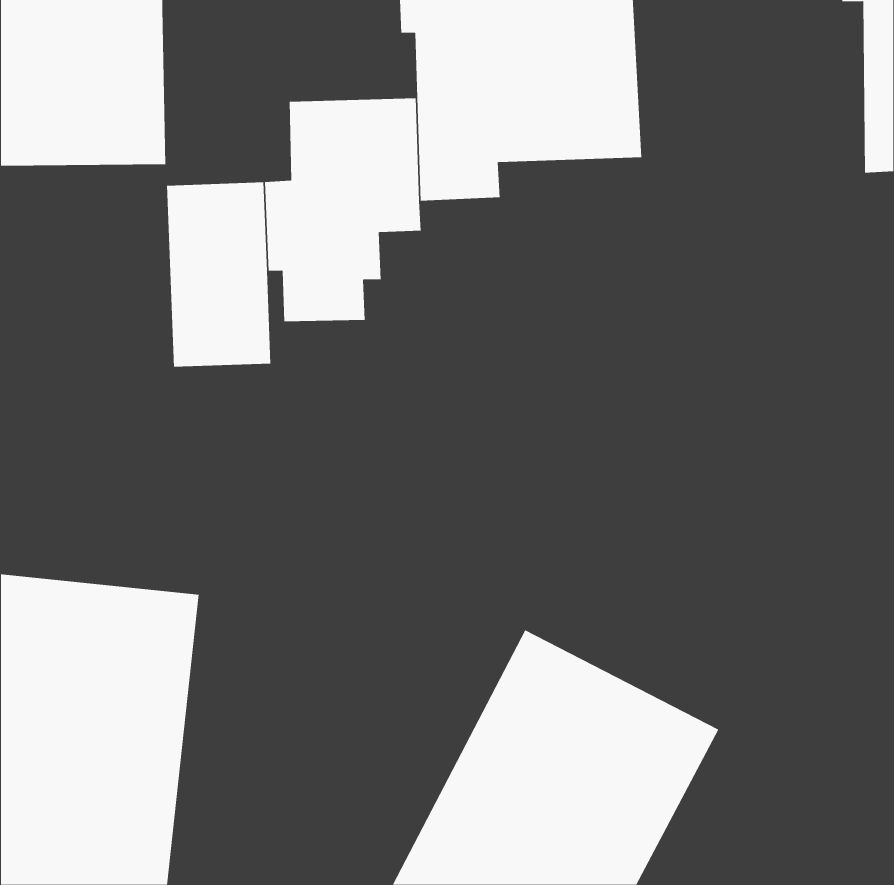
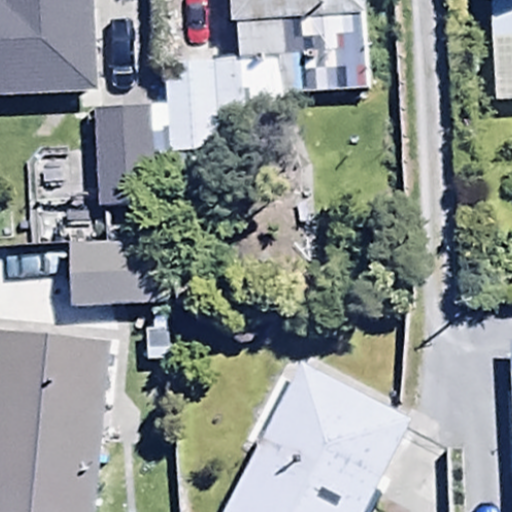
building: none -> [67,242,161,309]

